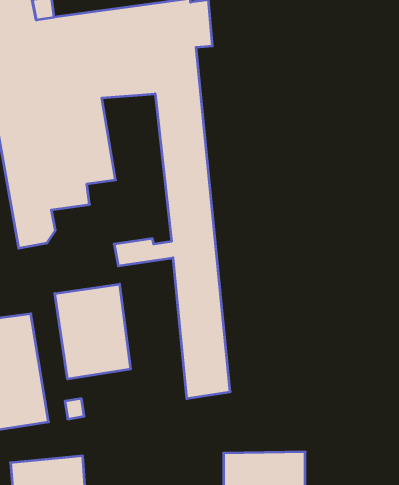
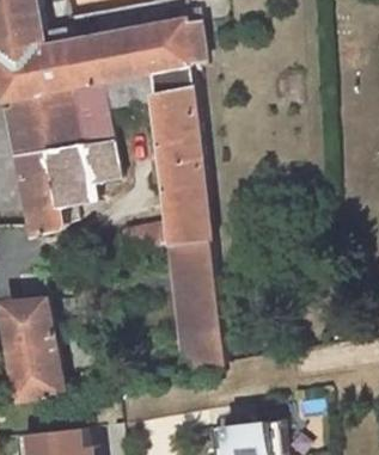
building: [55,284,130,379] -> none

